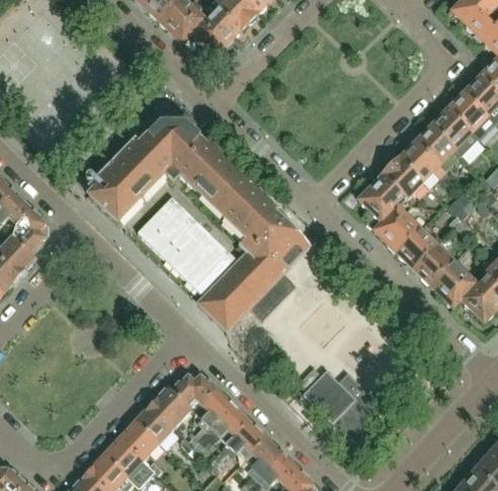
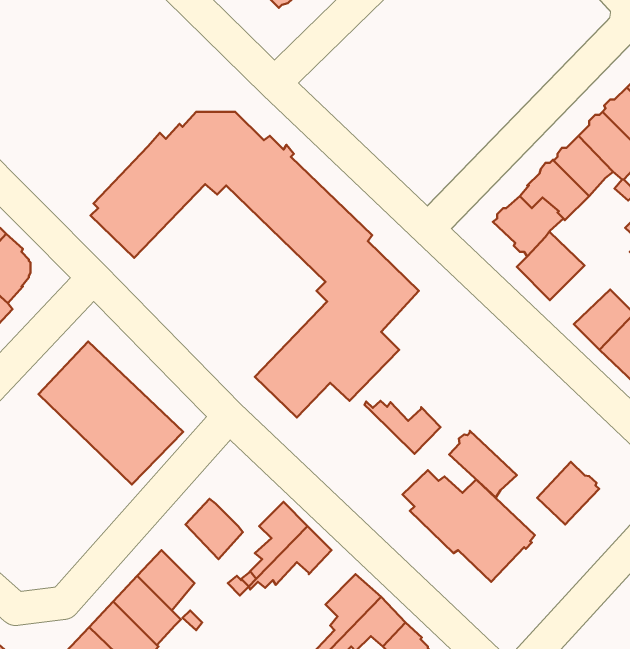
building: [137,196,234,293] -> [39,341,183,485]
building: [396,228,436,267] -> none
building: none -> [364,401,440,454]
building: none -> [449,431,517,497]
building: none -> [537,462,599,524]
building: [171,371,217,403] -> none
building: [135,402,173,441] -> none
building: [213,419,265,461] -> none

